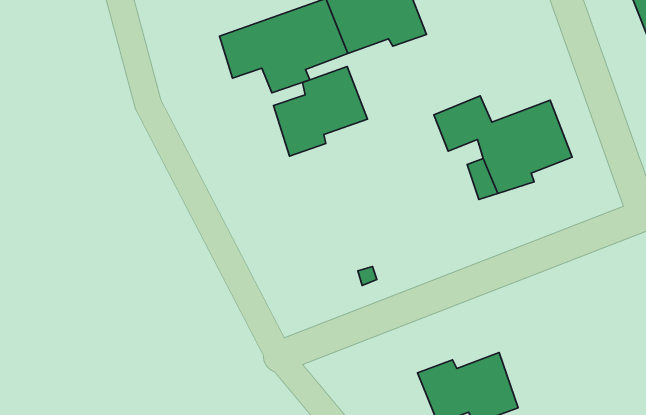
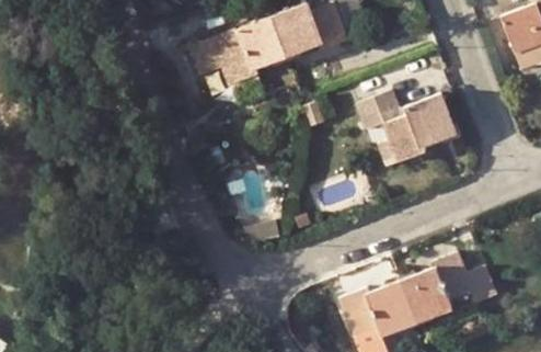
building: [273,66,368,156] -> none
building: none -> [402,252,498,323]

